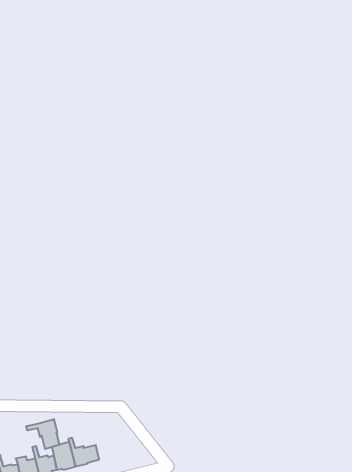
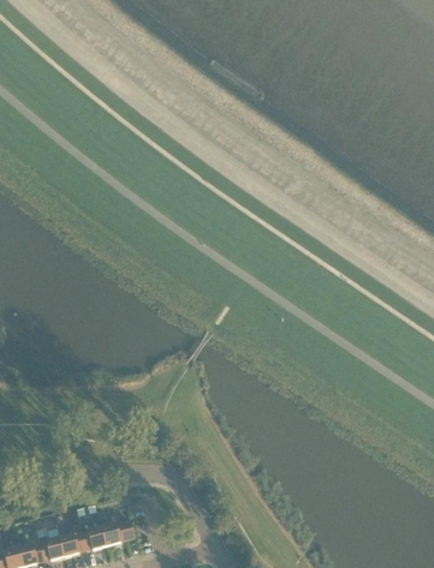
building: [26,419,59,449] -> none

